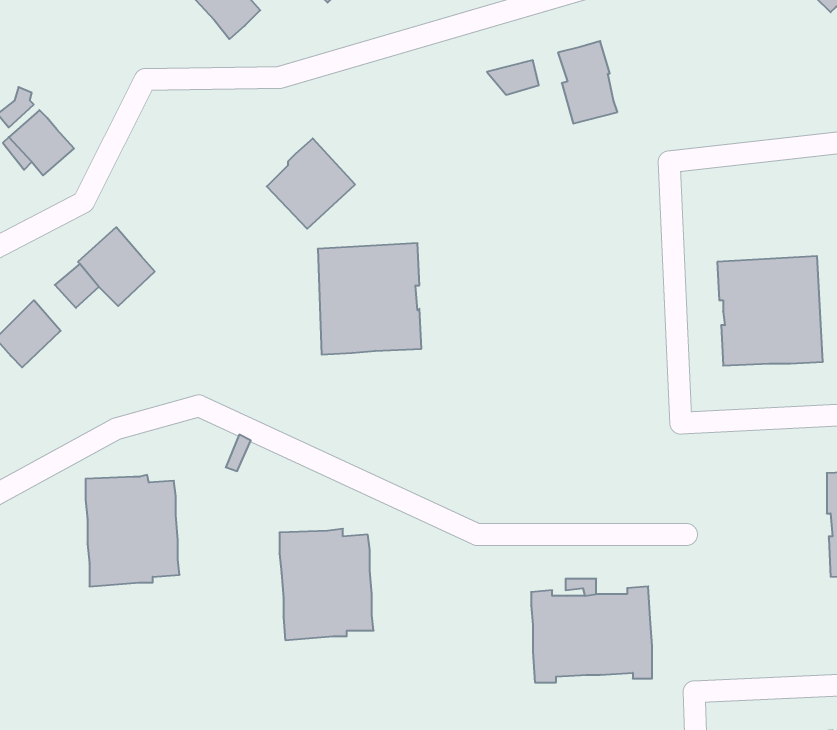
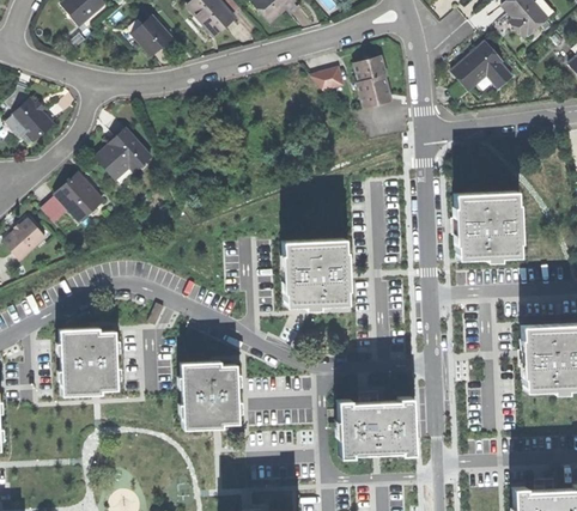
building: none -> [454,43,514,91]
building: [267,138,355,229] -> [97,129,152,185]
building: [318,243,421,355] -> [284,238,348,308]

